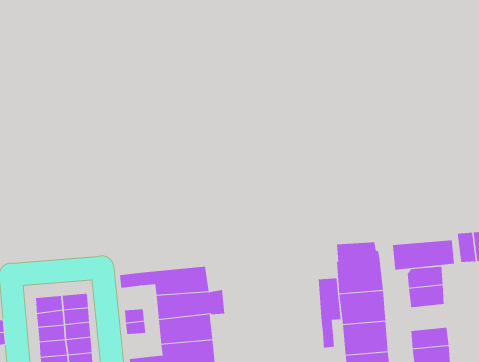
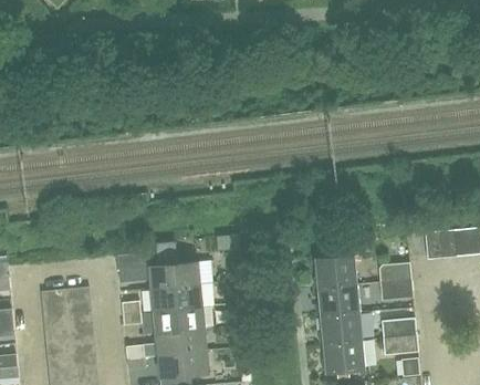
building: [392,239,455,270] -> none
building: [318,277,341,348] -> none

